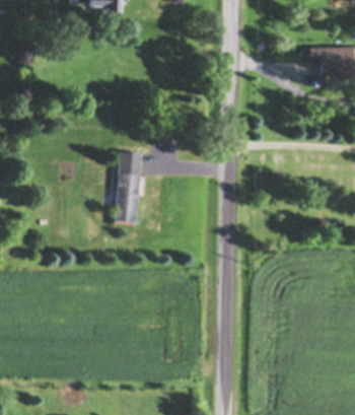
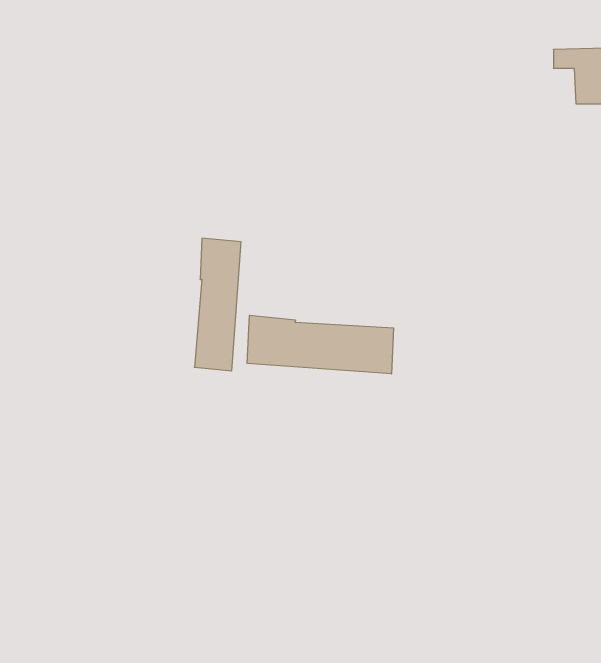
building: none -> [247,315,394,374]

